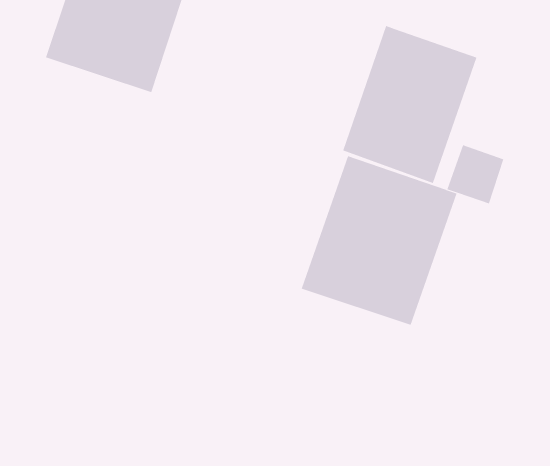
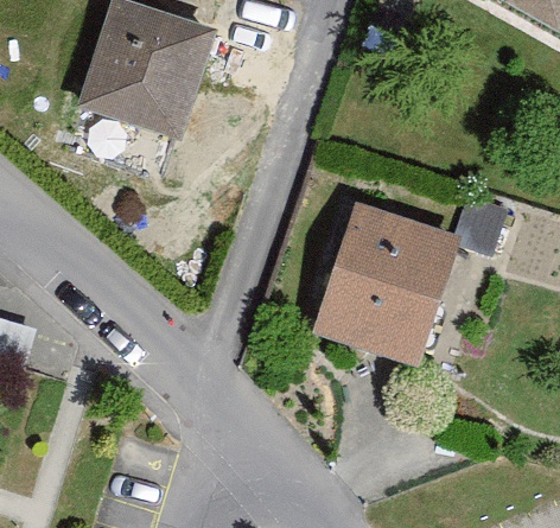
building: [342,25,477,184] -> none

